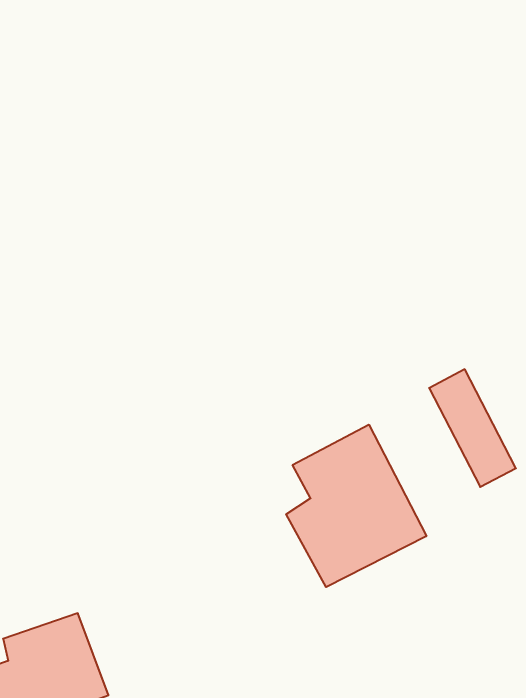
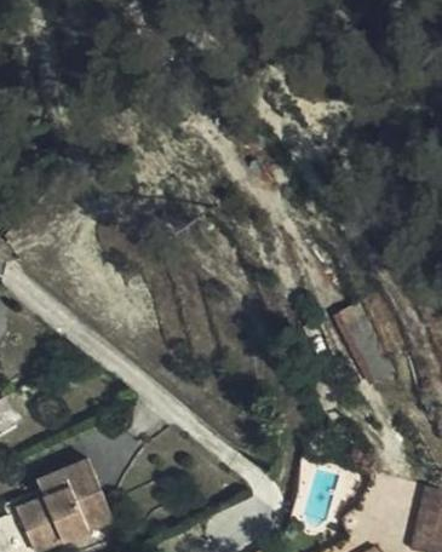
building: [286,425,426,587] -> none

